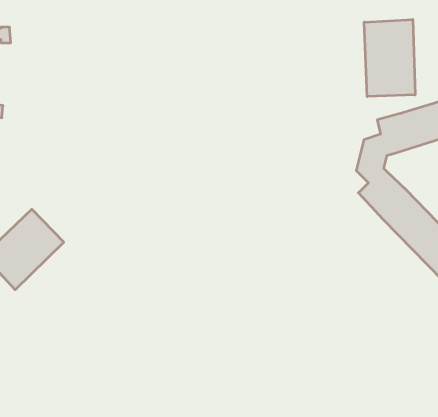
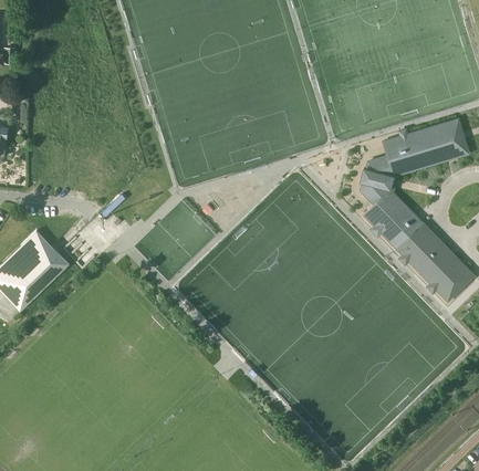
building: [364,19,415,97] -> none

